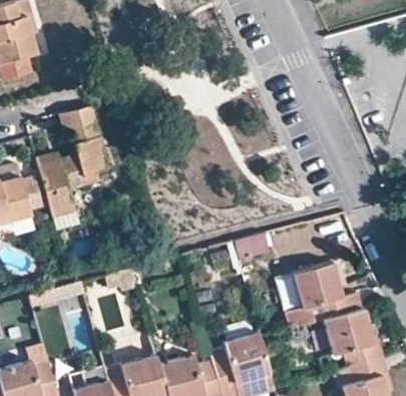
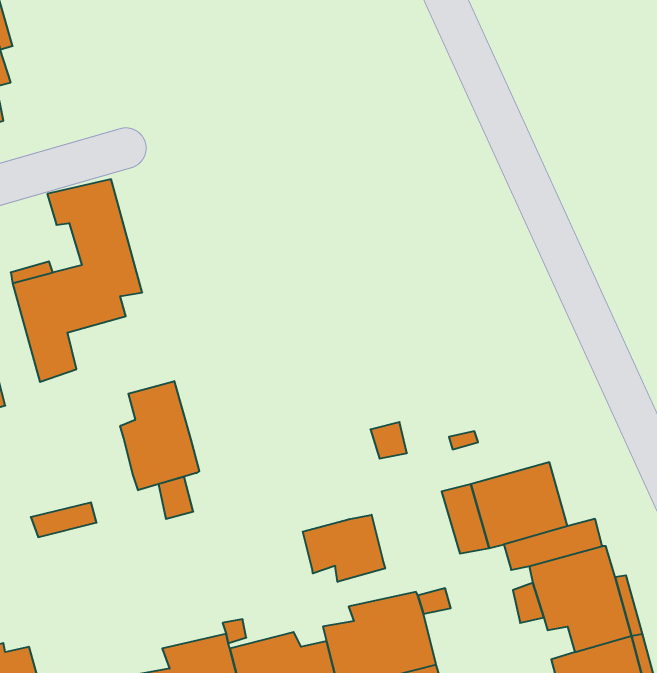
building: none -> [120,381,199,490]
building: none -> [303,515,385,582]

